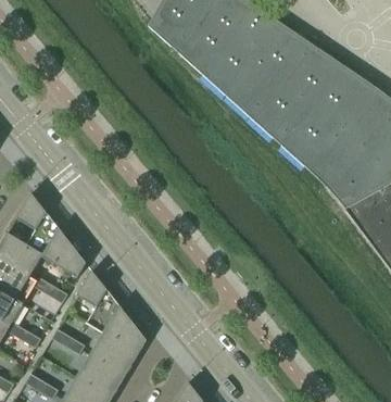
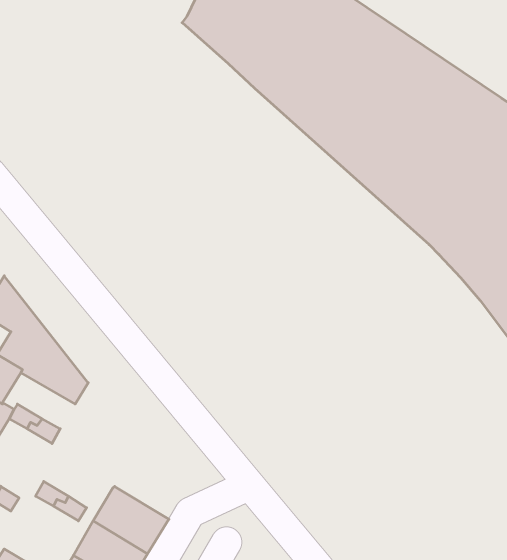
building: [76,269,147,353] -> none

